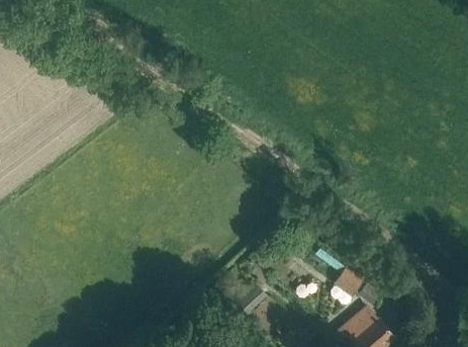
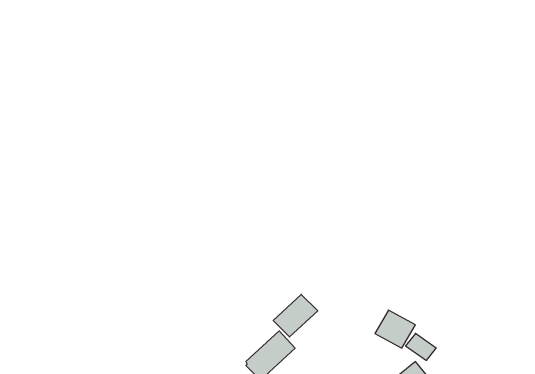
building: none -> [273,294,318,337]

